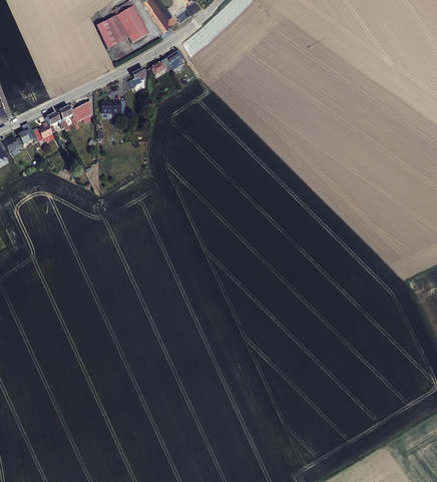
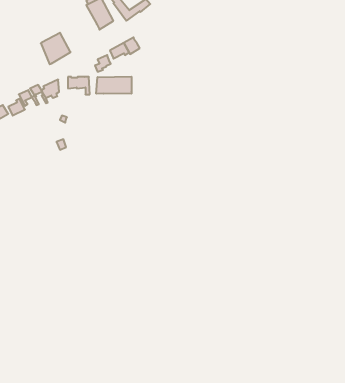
building: [98,15,132,51] -> [41,33,71,64]
building: none -> [96,77,131,94]

